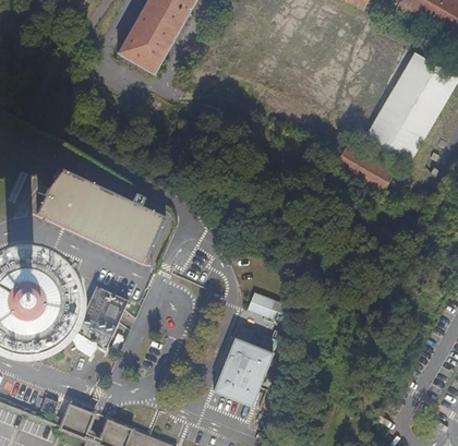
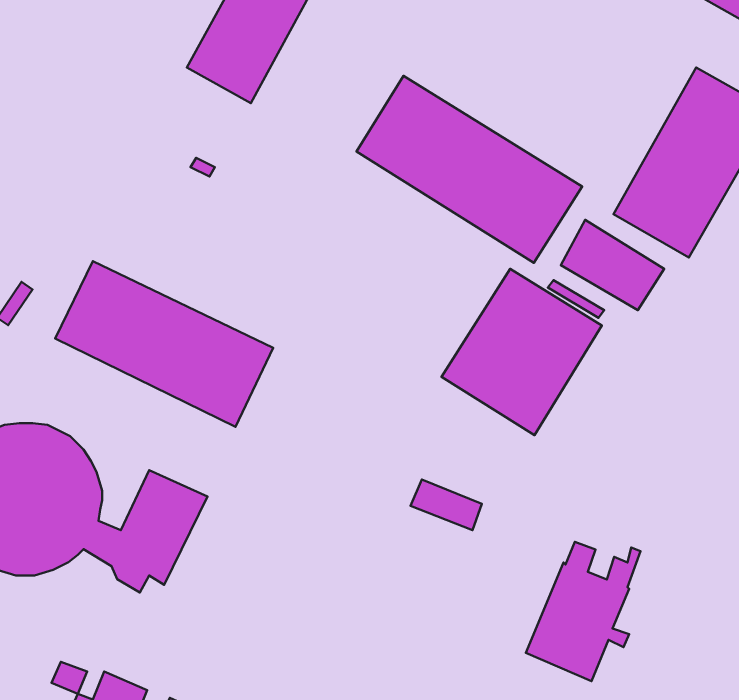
building: none -> [357,76,582,263]
building: none -> [442,269,602,435]
building: [212,325,278,406] -> [526,542,641,681]

